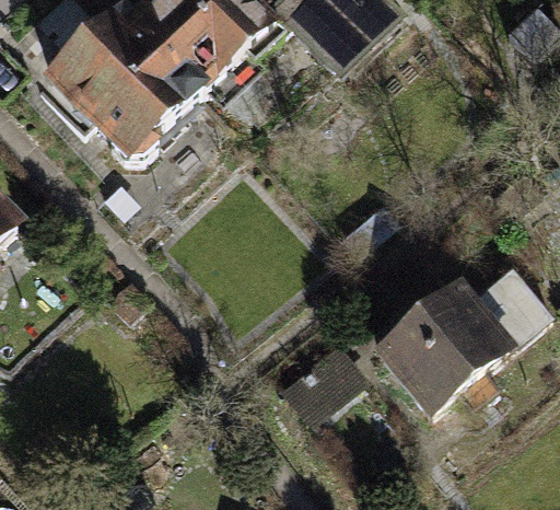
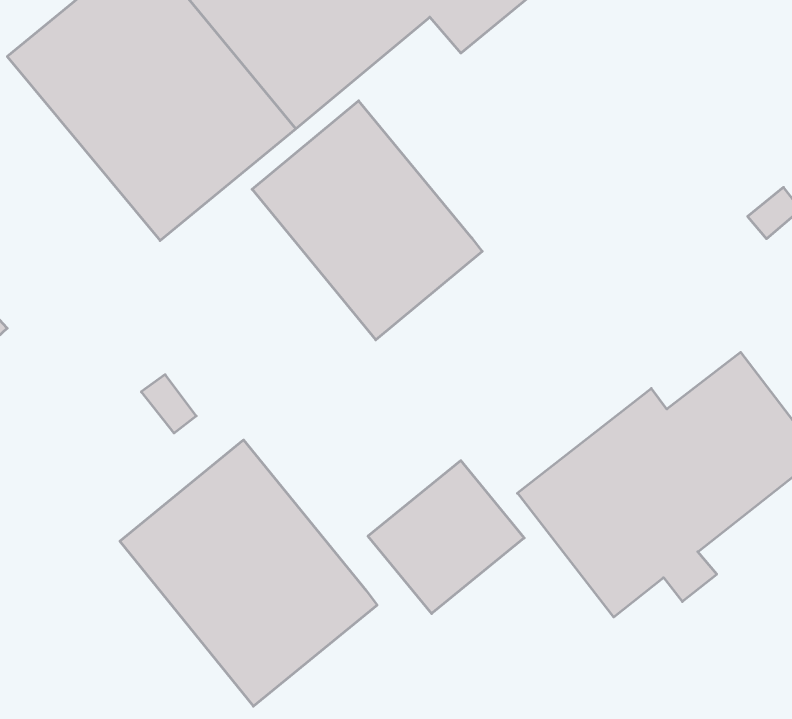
building: none -> [252,101,482,340]
building: none -> [120,440,377,706]

